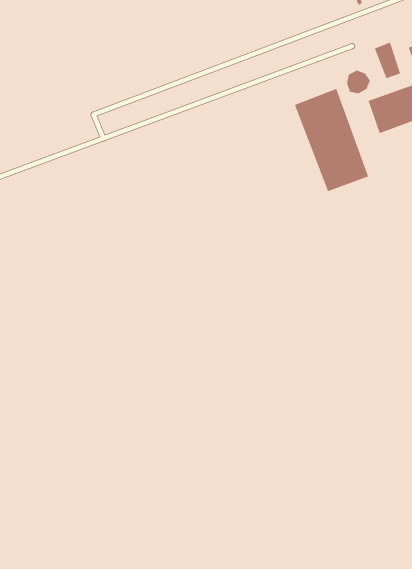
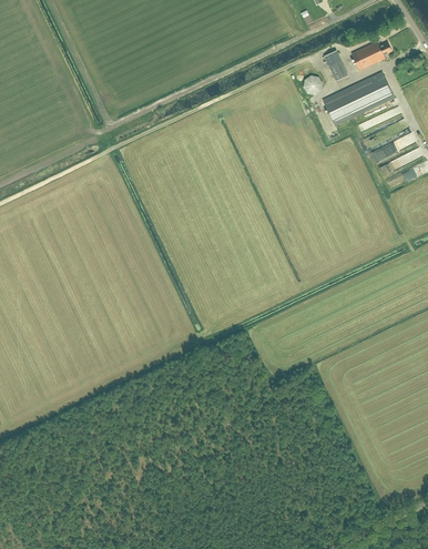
building: [294,88,369,192] -> none

